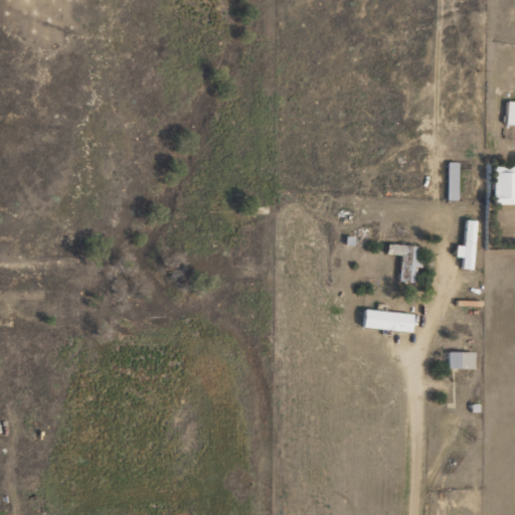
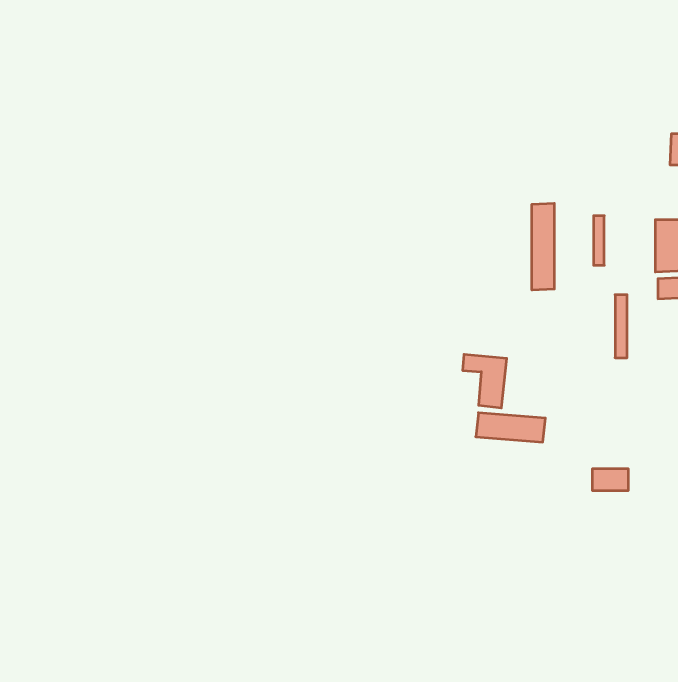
building: none -> [532,203,554,290]
building: [387,243,420,284] -> [463,354,507,408]

